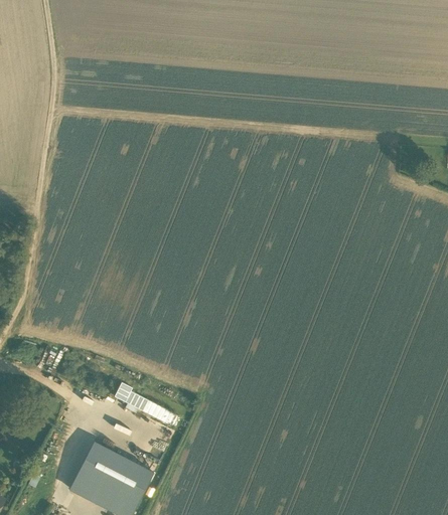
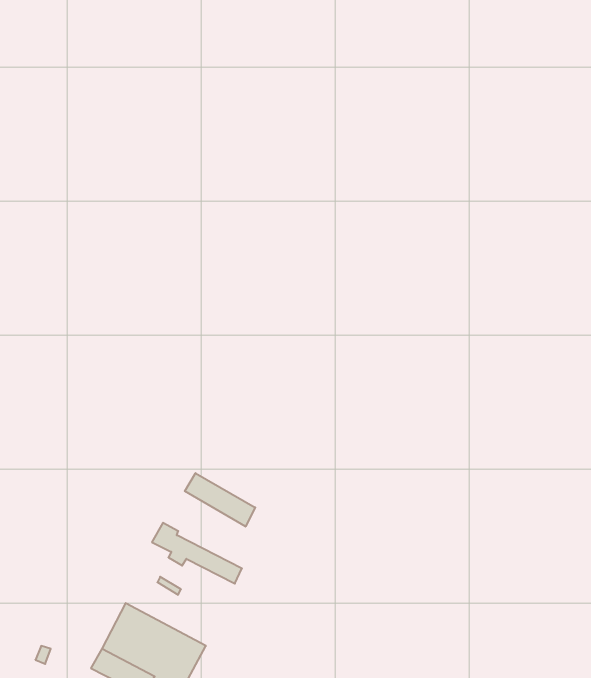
building: none -> [185,473,255,527]

